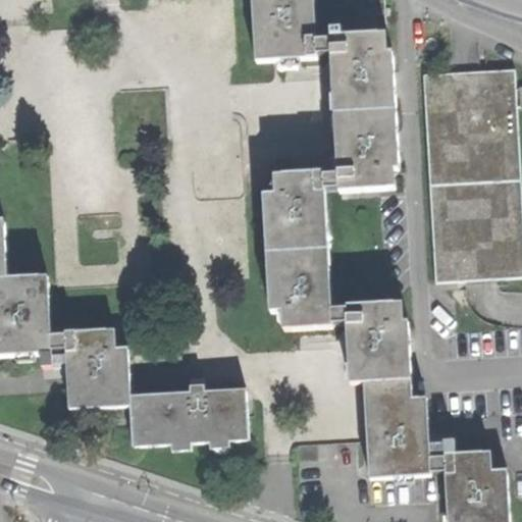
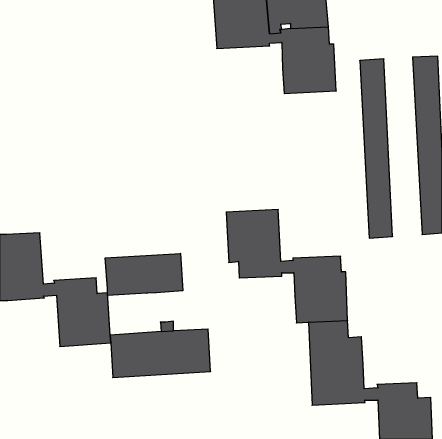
building: [452,67,497,278] -> none
building: [263,107,399,250] -> none
building: none -> [105,253,183,295]

